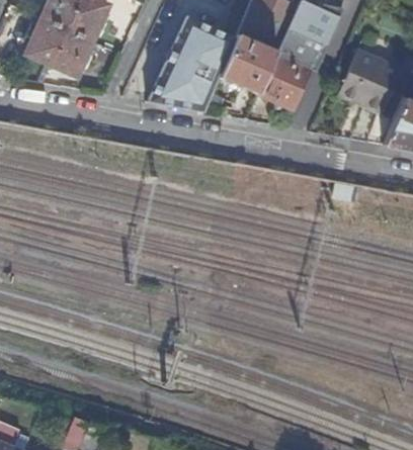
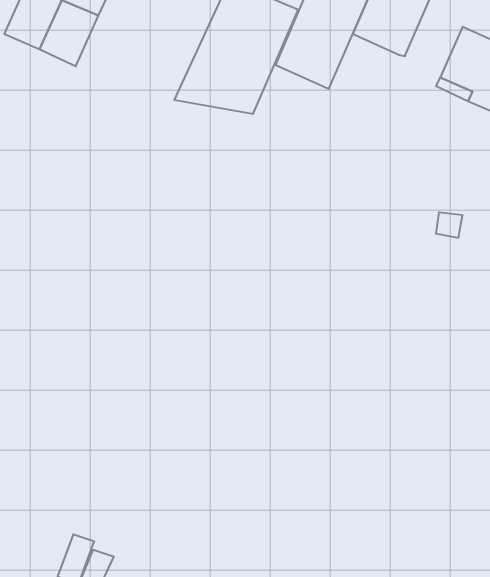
building: [259,55,310,108] -> none

